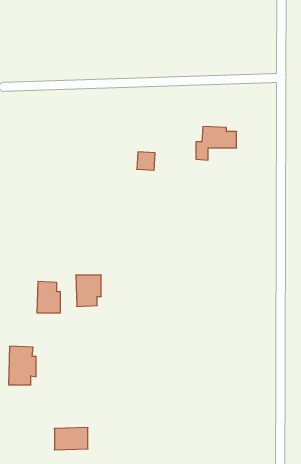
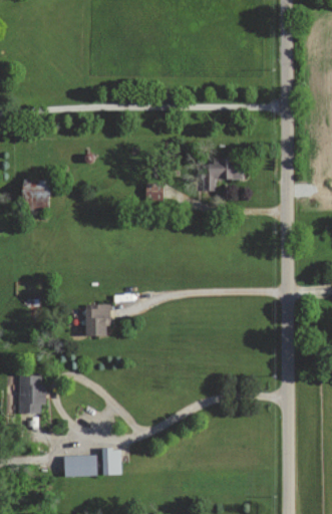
building: none -> [22,179,49,211]
building: [37,281,60,313] -> none
building: none -> [101,449,120,475]

